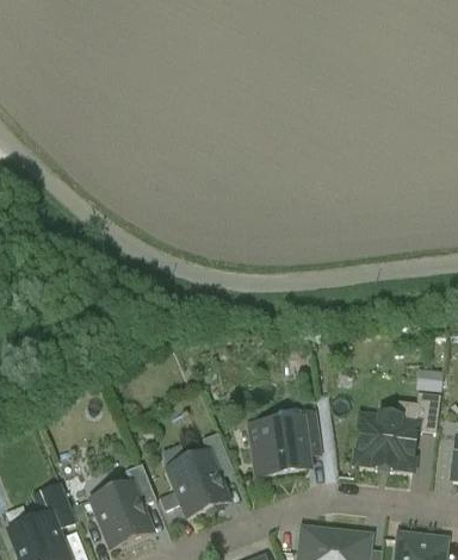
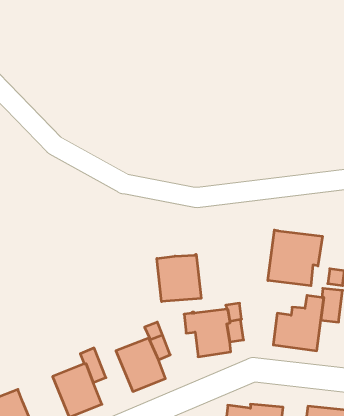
building: none -> [268,230,322,286]
building: none -> [157,254,201,302]
building: [33,484,75,529] -> none

